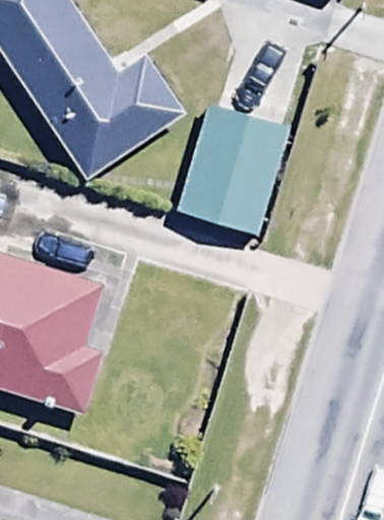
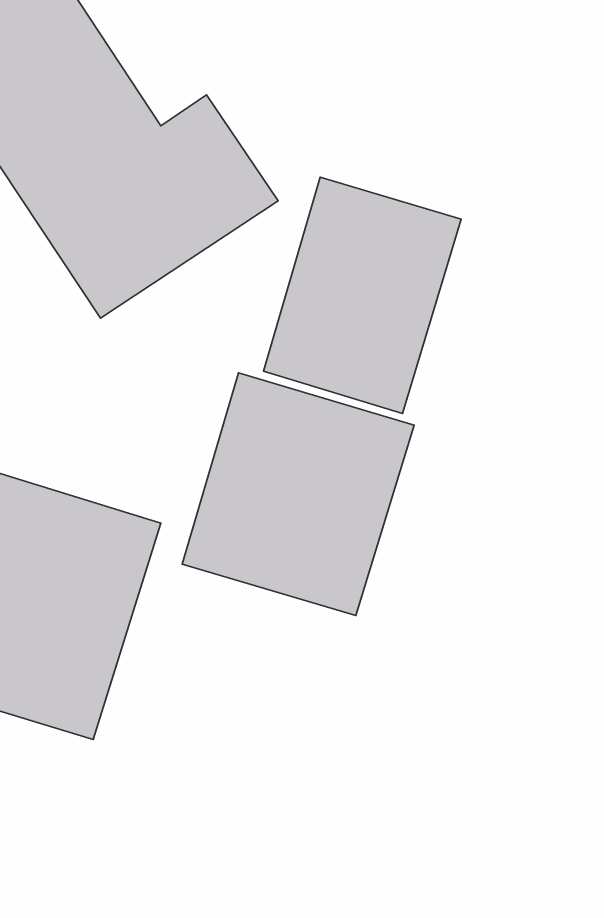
building: none -> [182,373,414,615]

